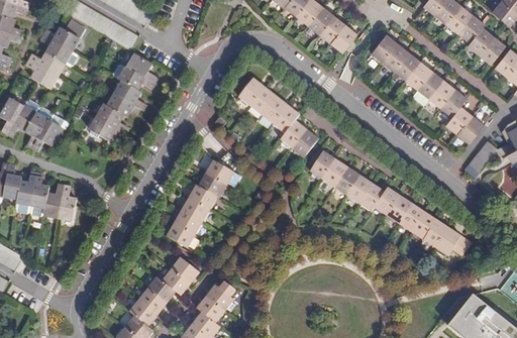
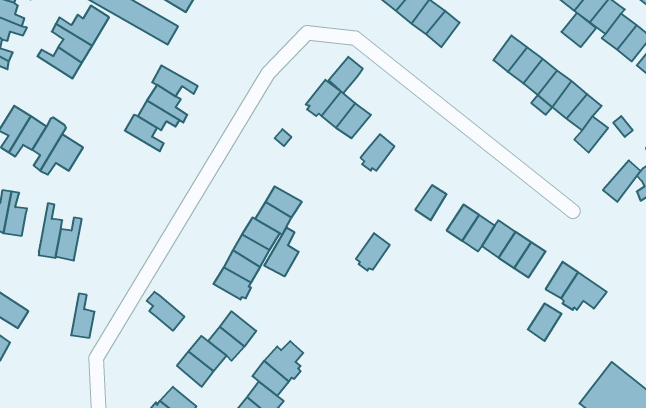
building: none -> [561,13,596,47]
building: [371,32,397,62] -> none
building: [125,53,157,82] -> none
building: [25,59,57,88] -> none
building: [273,104,299,132] -> [329,57,363,93]
building: [456,114,484,142] -> none
building: [89,116,124,139] -> none
building: [292,128,318,156] -> none
building: [309,149,335,179] -> [356,233,390,271]
building: [334,165,359,194] -> none
building: [16,172,37,205] -> none
building: [58,185,76,219] -> [71,294,95,338]
building: none -> [264,228,299,276]
building: [410,210,436,239] -> [528,303,562,341]
building: [127,296,157,326] -> [147,292,184,331]

